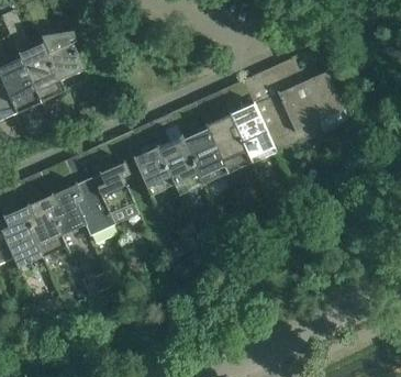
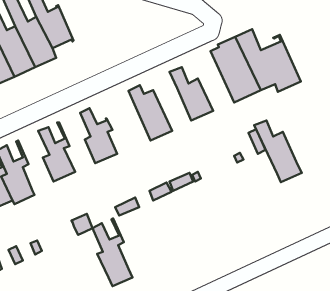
building: [221,92,276,164] -> [254,120,302,182]
building: [174,113,226,186] -> none
building: [125,135,175,199] -> none
building: [69,156,115,234] -> [92,219,132,286]
building: [22,177,63,246] -> none

